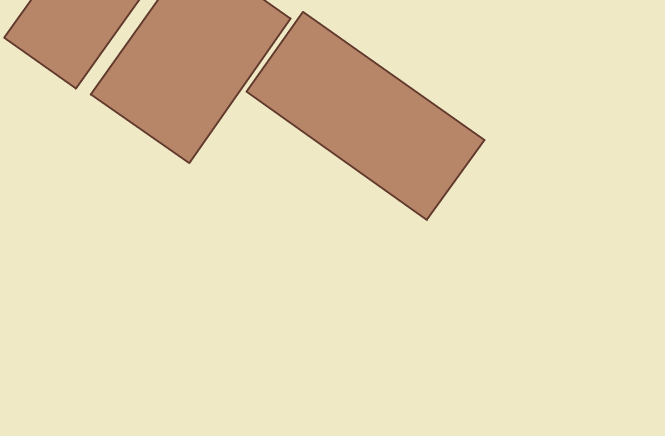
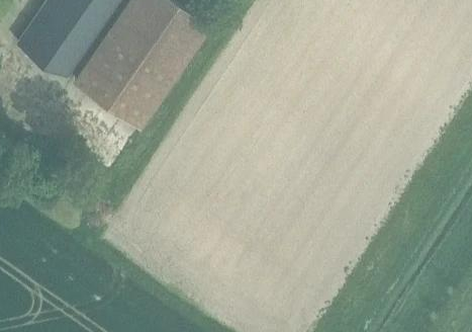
building: [247,12,485,220] -> none

